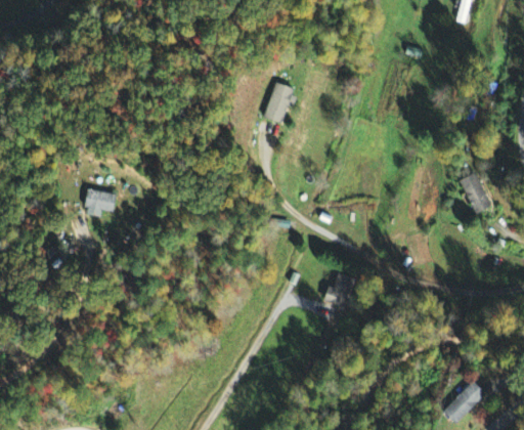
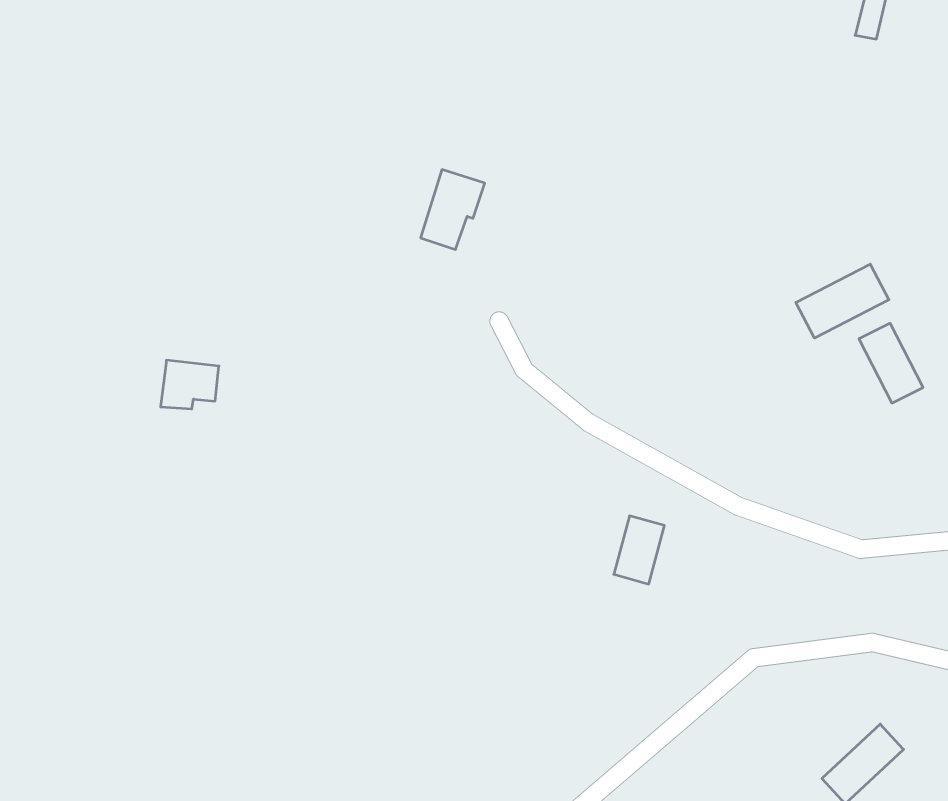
building: [268,82,302,124] -> [421,170,485,249]
building: none -> [796,264,889,338]

